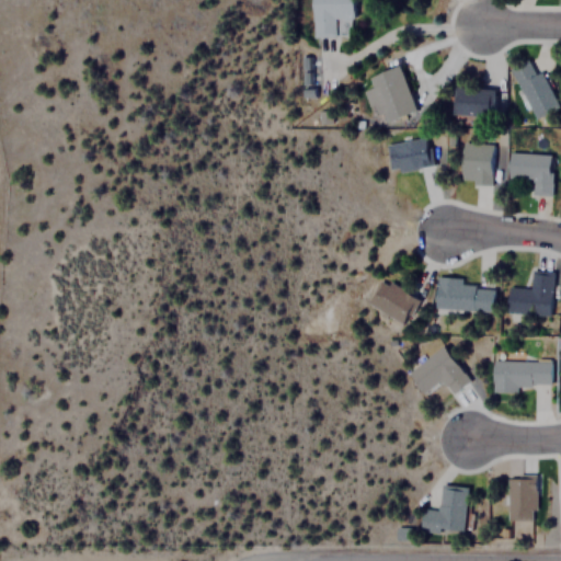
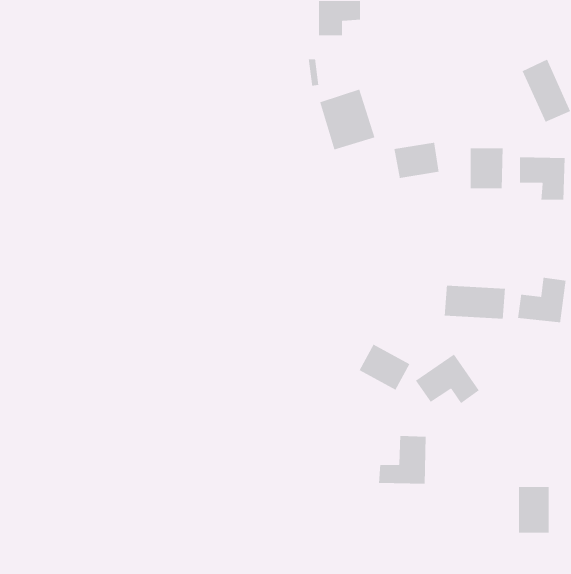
building: [363,67,417,127] -> [319,88,375,150]
building: [454,91,495,118] -> none
building: [369,278,420,324] -> [359,343,410,391]
building: [493,360,551,389] -> none
building: [421,485,468,534] -> [378,435,427,485]

